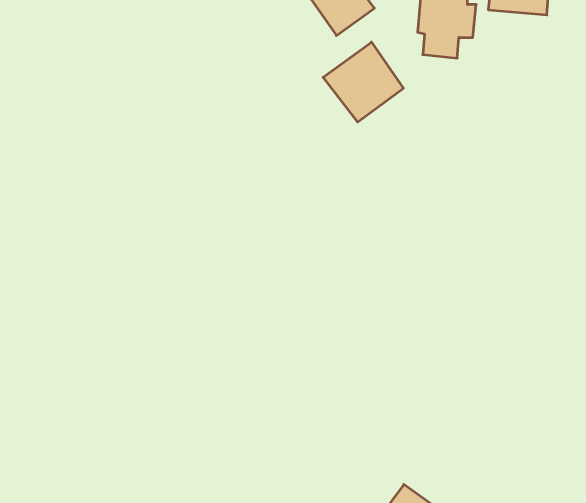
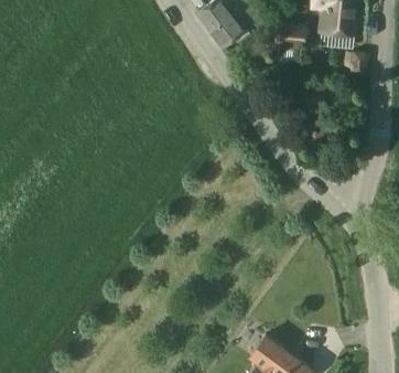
building: [323,42,403,122] -> none

